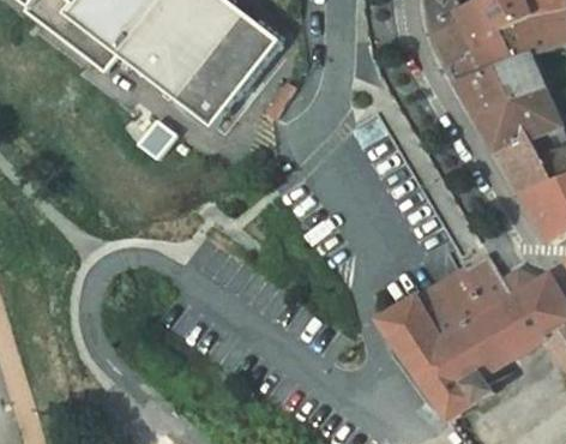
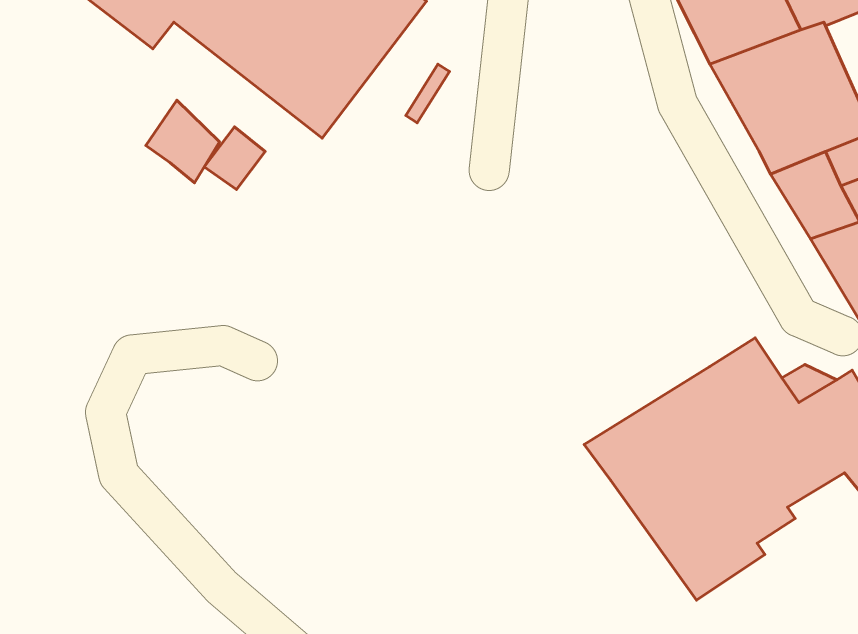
building: none -> [146,100,220,183]

